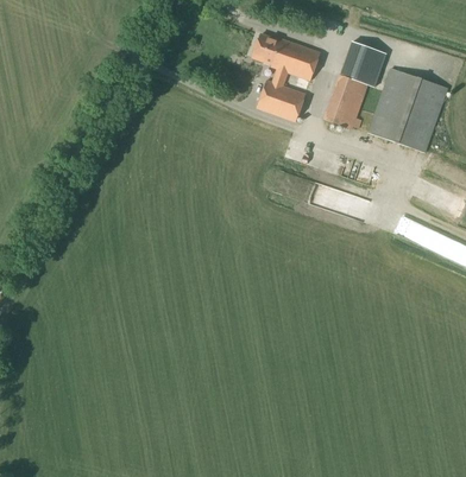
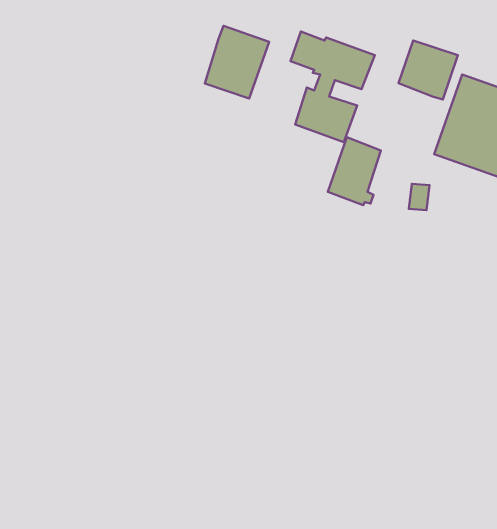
building: none -> [205,26,269,99]
building: [323,75,366,129] -> [328,137,381,205]

